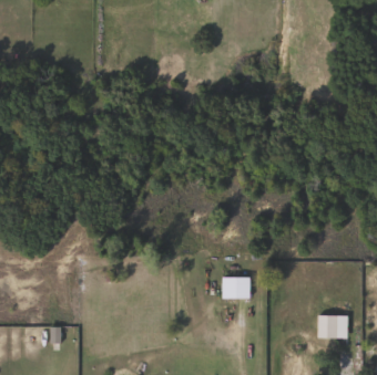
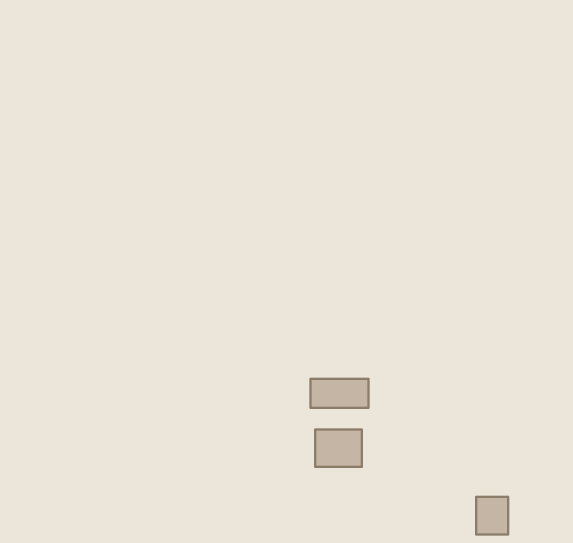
building: none -> [311,379,368,408]

